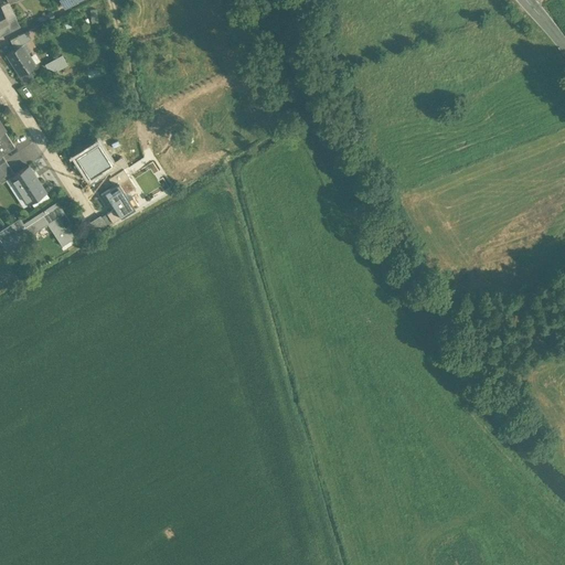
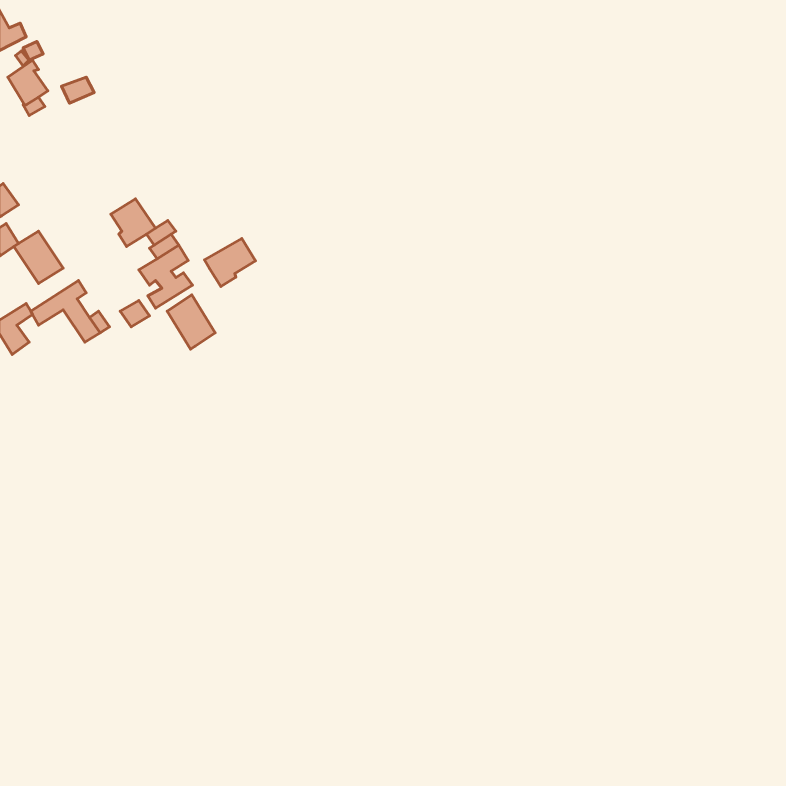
building: none -> [205,239,255,286]
building: none -> [167,295,215,349]

